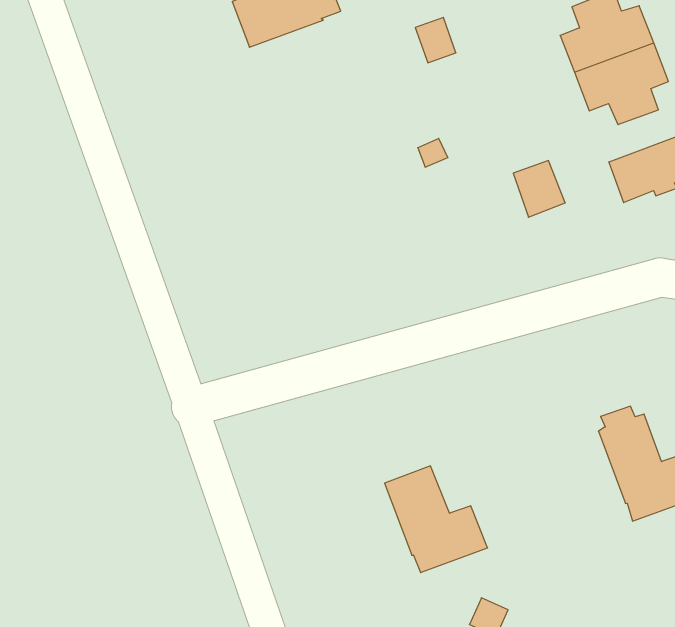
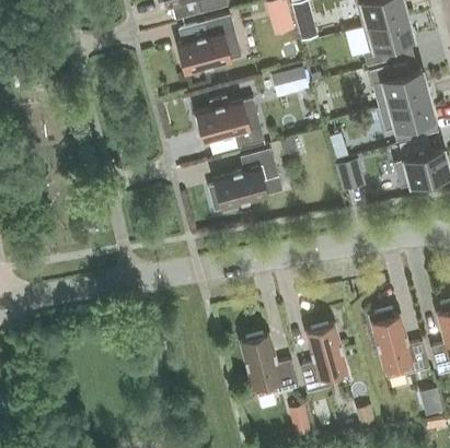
building: none -> [196,95,263,145]
building: none -> [208,146,281,208]
building: none -> [300,322,346,390]

